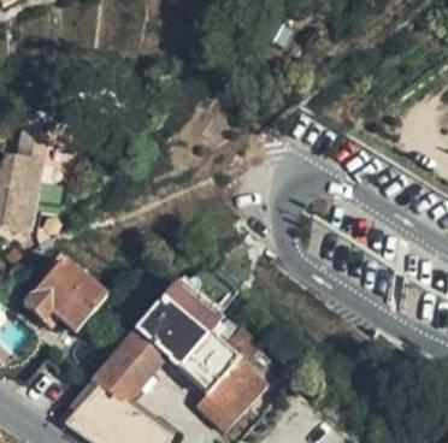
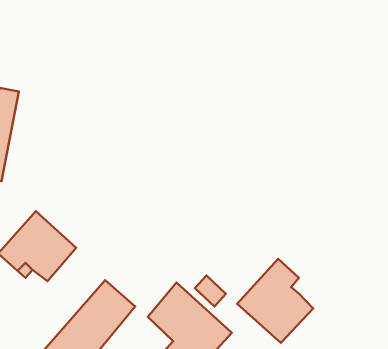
building: [136,285,220,368] -> none
building: none -> [237,259,313,343]

